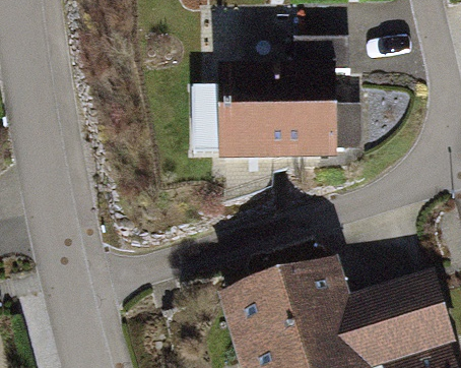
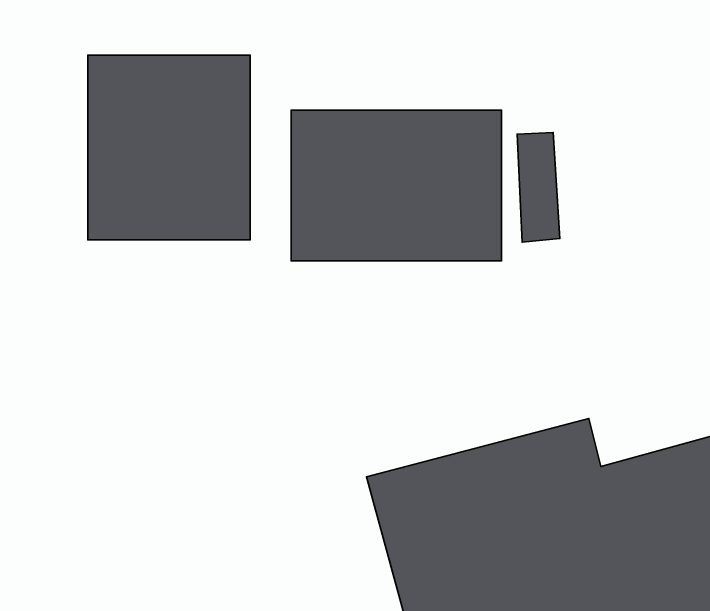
building: none -> [88,55,250,240]

